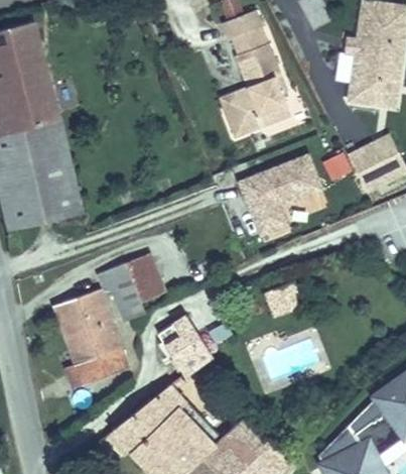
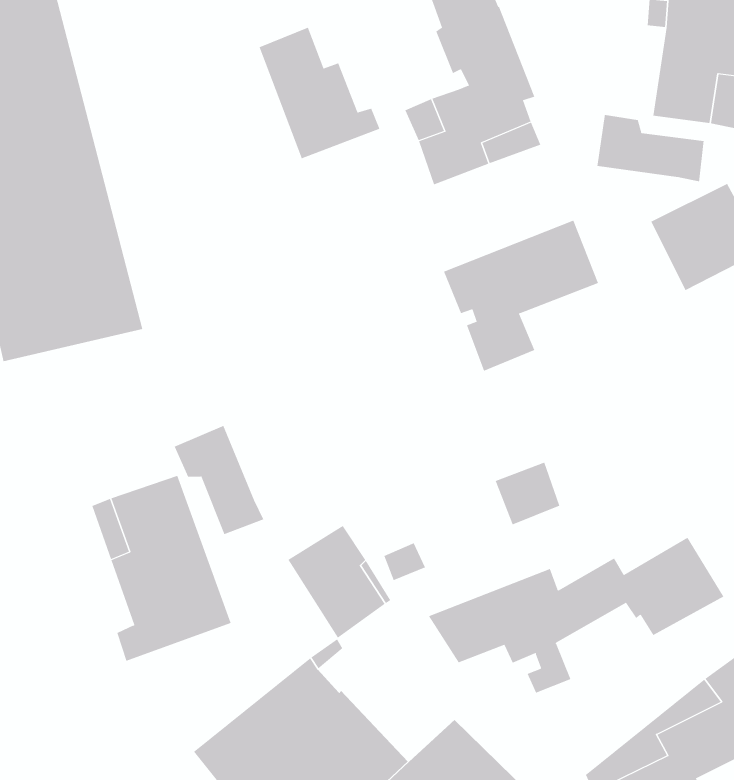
building: none -> [259,27,380,159]
building: none -> [597,114,704,182]
building: [124,253,165,303] -> none
building: none -> [428,537,724,694]

